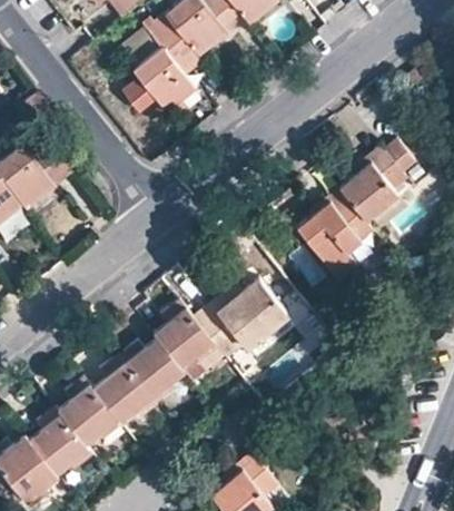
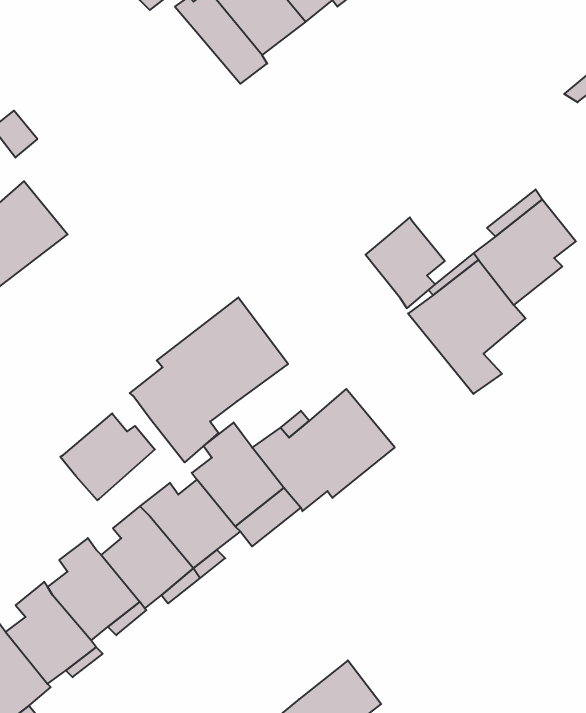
building: [134,46,196,114] -> none
building: none -> [366,217,445,308]
building: none -> [130,297,288,462]
building: none -> [60,413,155,500]

